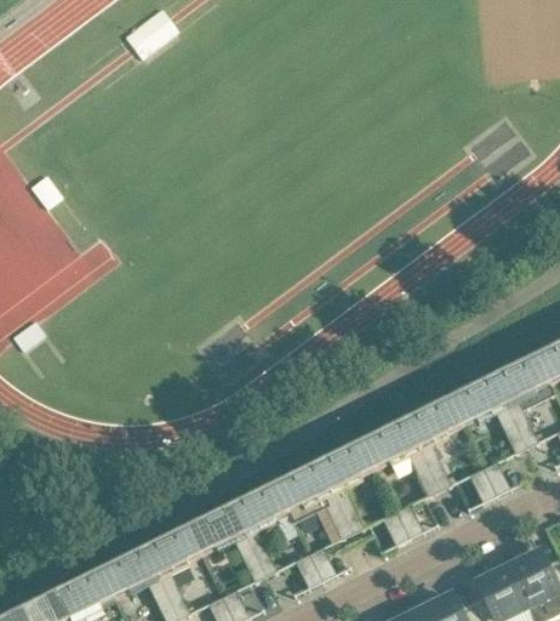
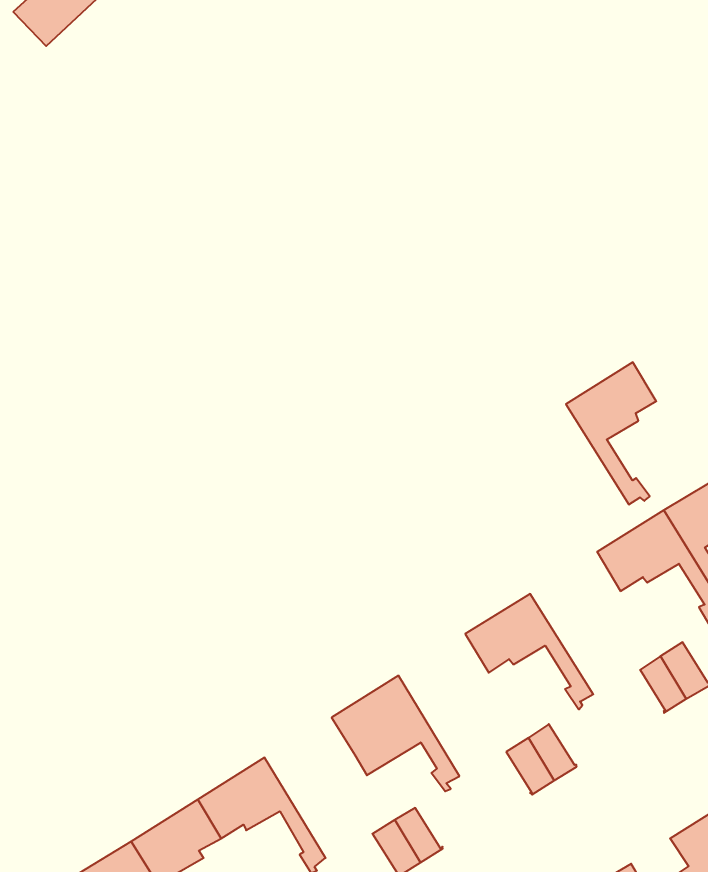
building: [399,398,455,485] -> [566,362,656,504]
building: [313,440,368,528] -> none
building: [225,484,281,570] -> none

